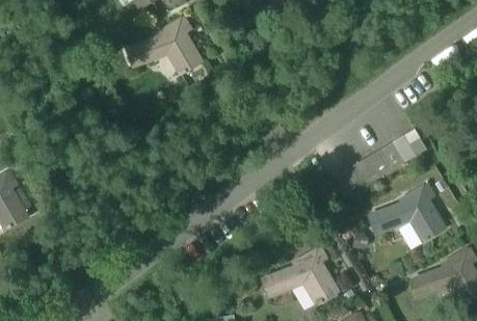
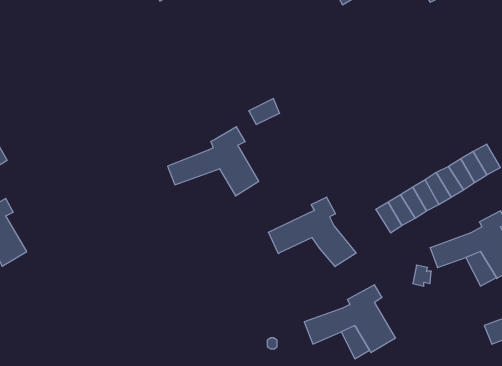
building: [126,15,203,73] -> [168,127,259,196]
building: none -> [269,197,356,267]

